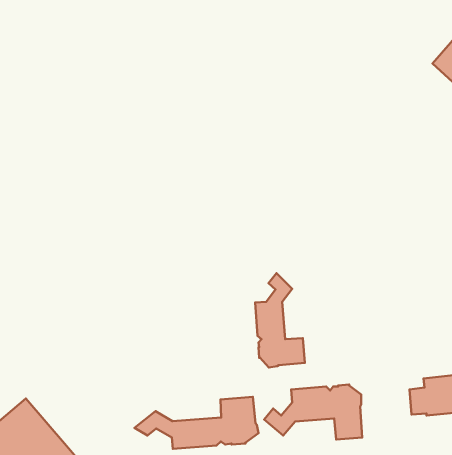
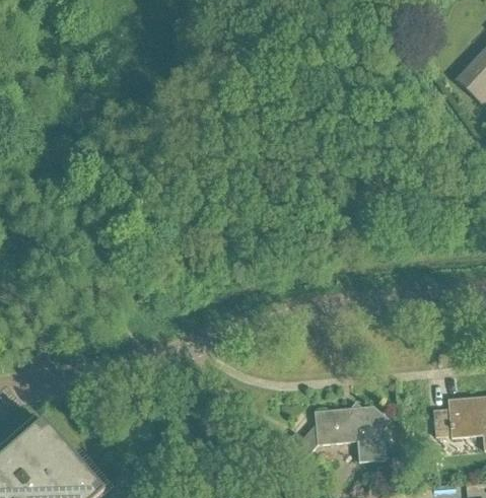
building: [255,273,305,368] -> none
building: [135,397,259,449] -> none

